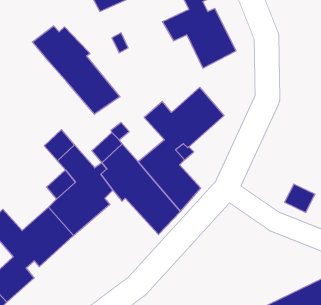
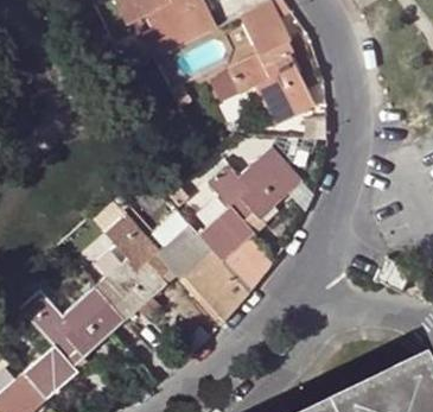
building: [32,26,120,114] -> none

